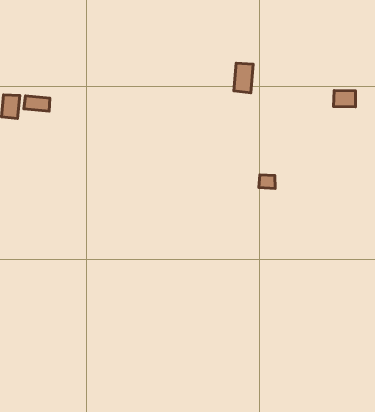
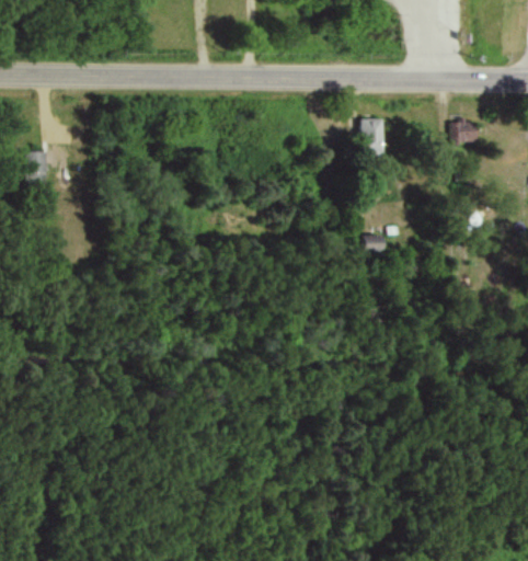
building: [234,63,253,93] -> [361,118,384,156]
building: [24,96,50,111] -> none

